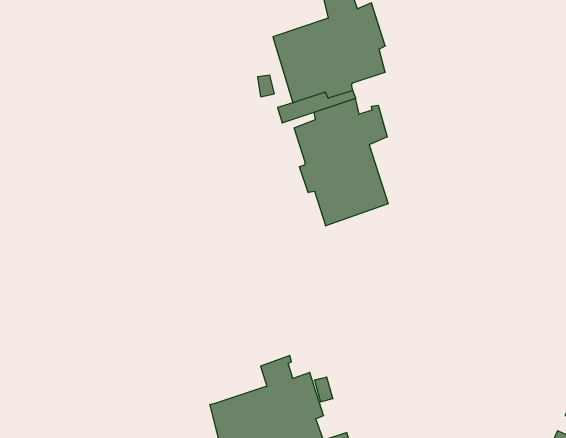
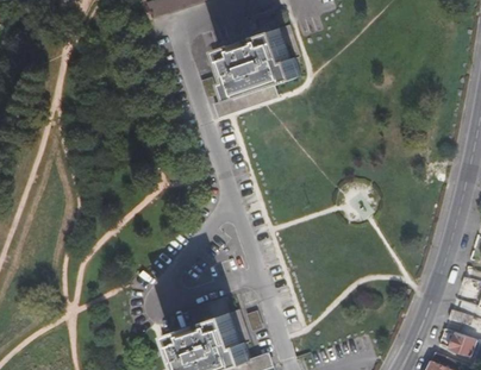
building: [294,99,388,226] -> none

